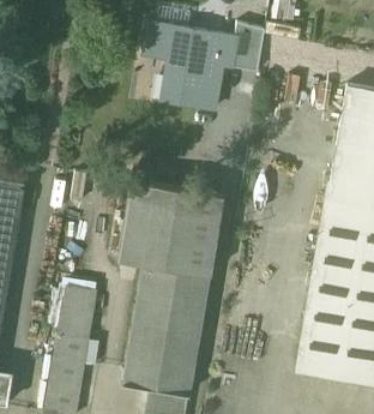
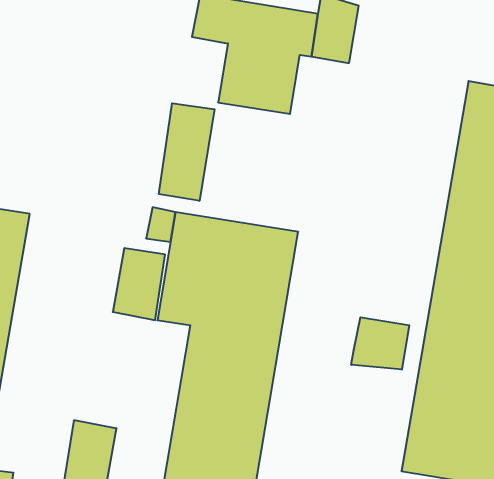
building: none -> [159,103,215,201]
building: none -> [351,317,409,370]
building: [56,287,95,340] -> [113,248,165,320]

